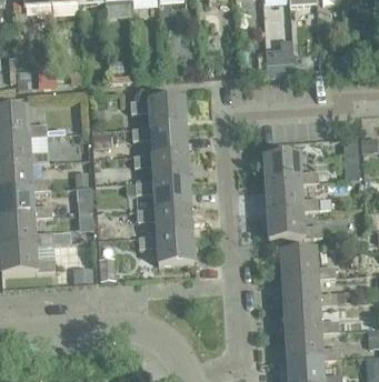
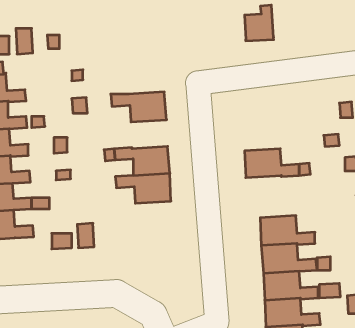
building: [130,97,184,127] -> none
building: [133,152,188,181] -> none
building: [262,153,318,183] -> none
building: [266,208,321,238] -> none
building: [138,233,193,263] -> none

